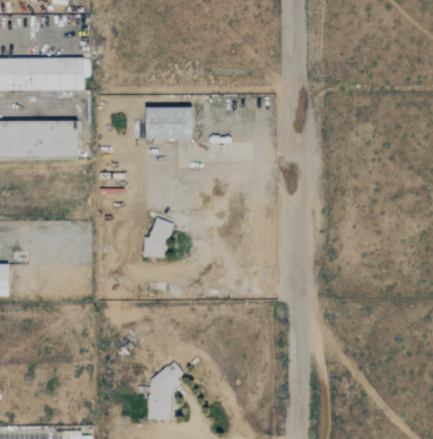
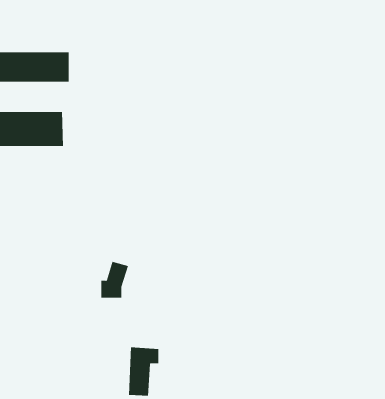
building: [145,108,191,140] -> none
building: [142,219,172,258] -> [100,261,129,298]

